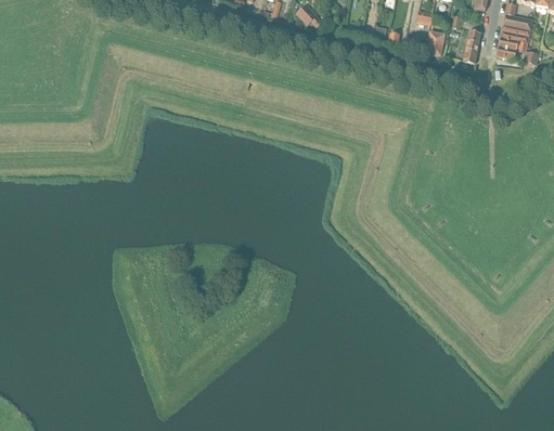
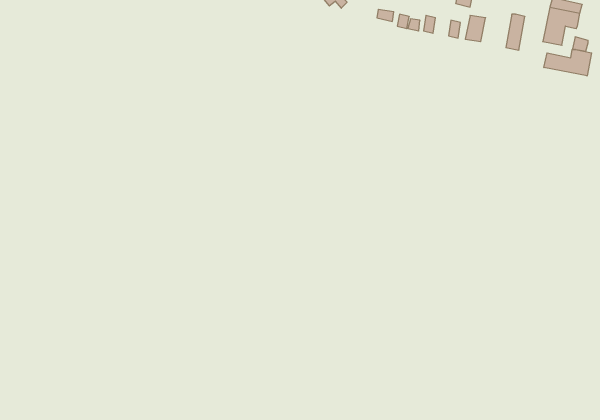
building: none -> [544,49,592,76]

